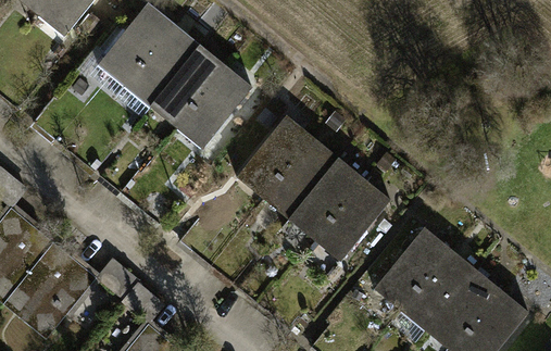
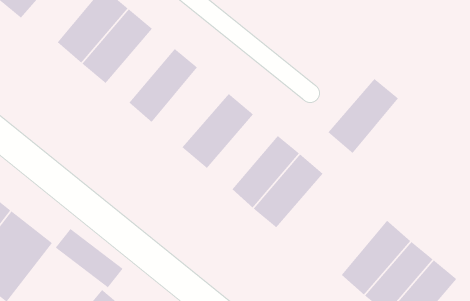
building: [153,47,226,125] -> none
building: [261,138,336,217] -> none
building: [376,228,452,309] -> [327,78,399,154]

